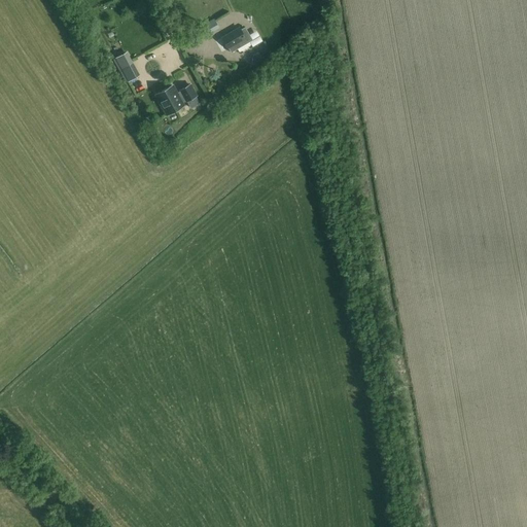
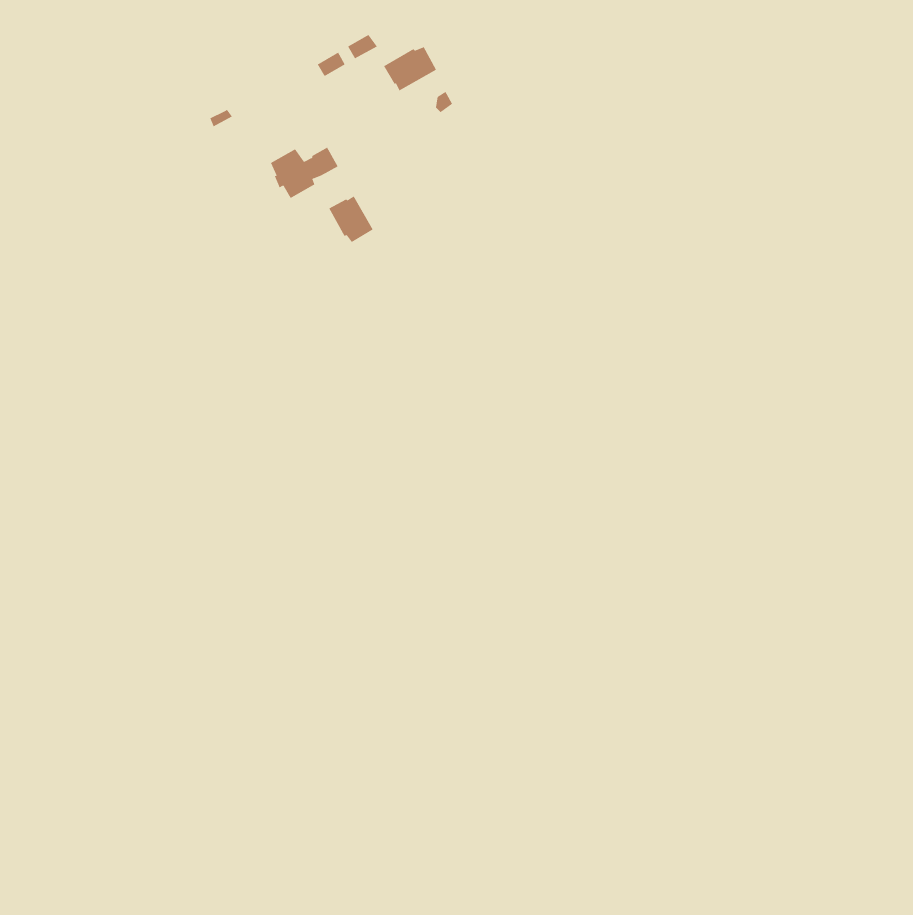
building: none -> [328,195,374,243]

